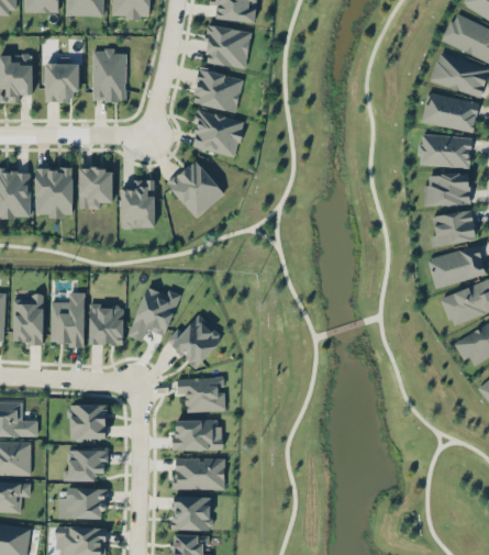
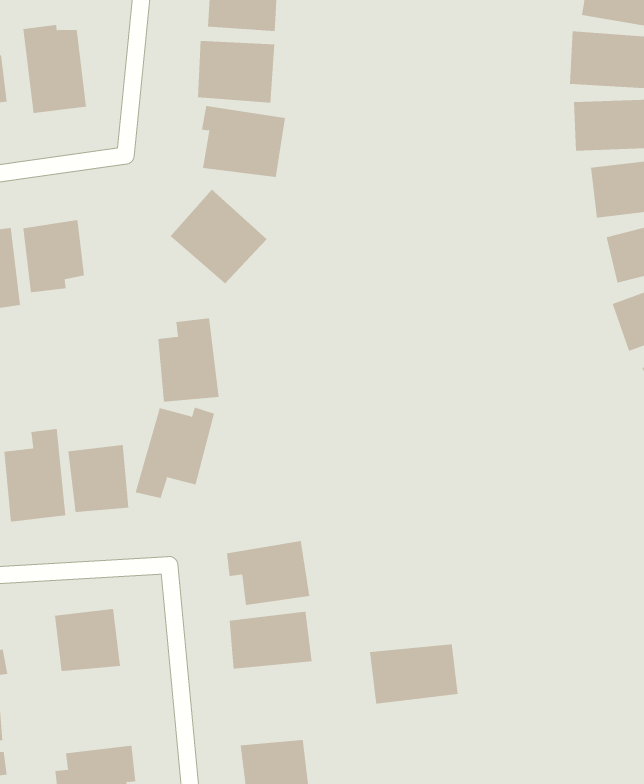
building: [121,180,155,229] -> [157,318,219,402]
building: [167,317,223,368] -> none
building: [64,449,107,480] -> none
building: [175,457,225,489] -> [369,644,458,704]

